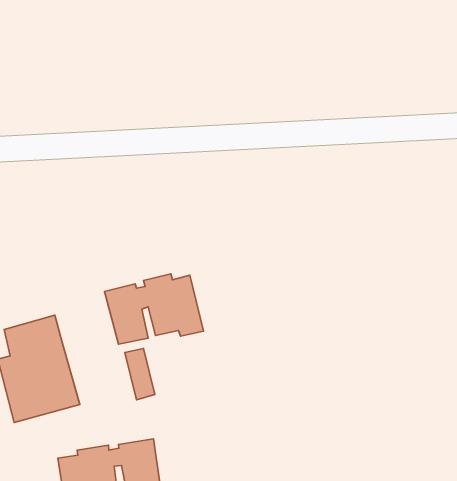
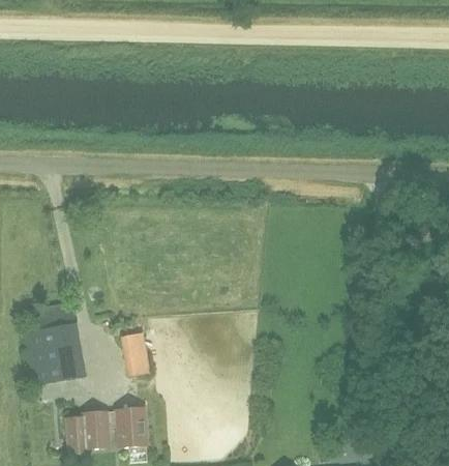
building: [105,274,204,344] -> none

